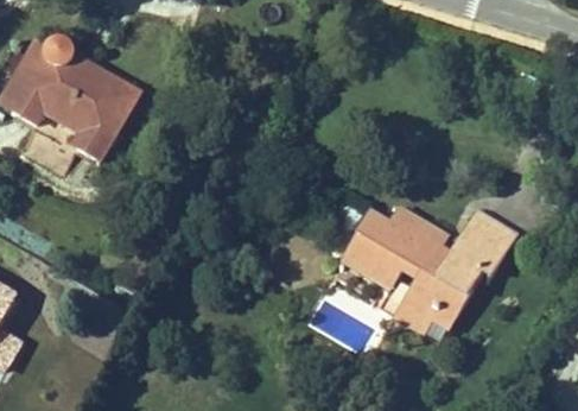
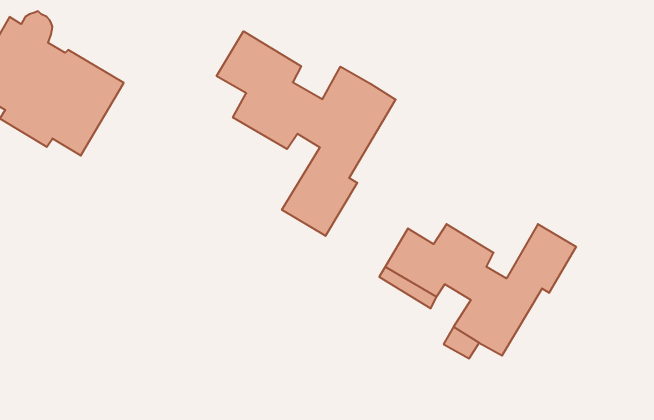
building: none -> [217,31,396,236]

